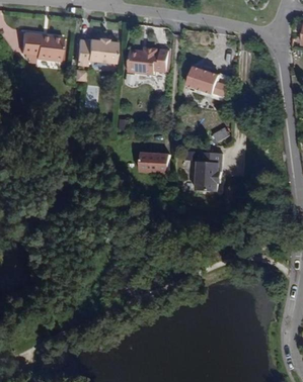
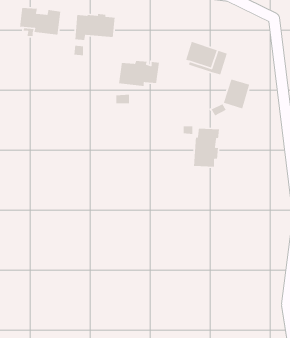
building: [127,49,168,75] -> [118,60,160,87]
building: none -> [223,78,250,110]
building: [138,153,168,174] -> none

